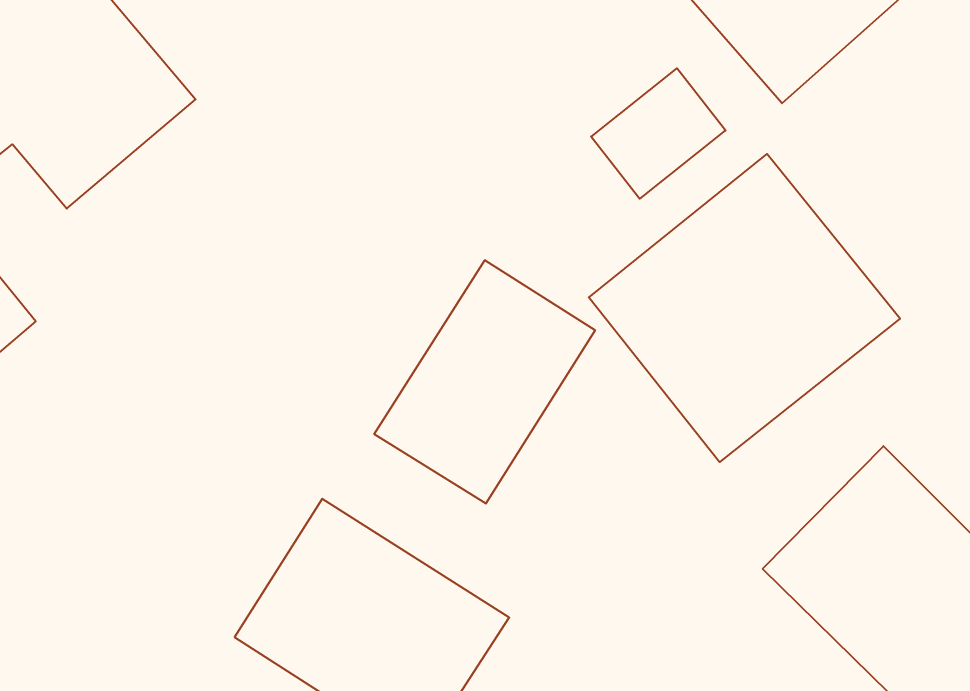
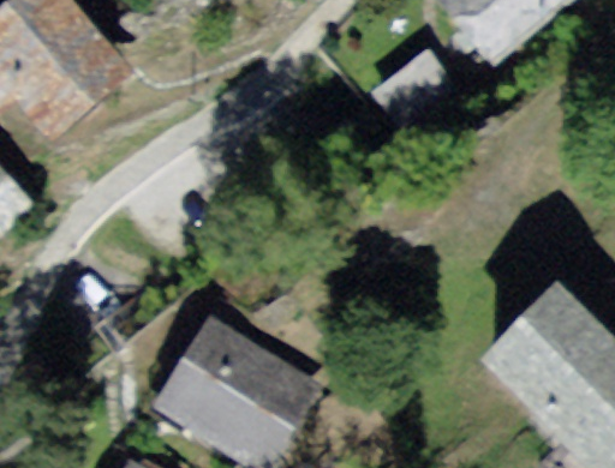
building: [589,154,900,462] -> none
building: [374,260,595,504] -> none

